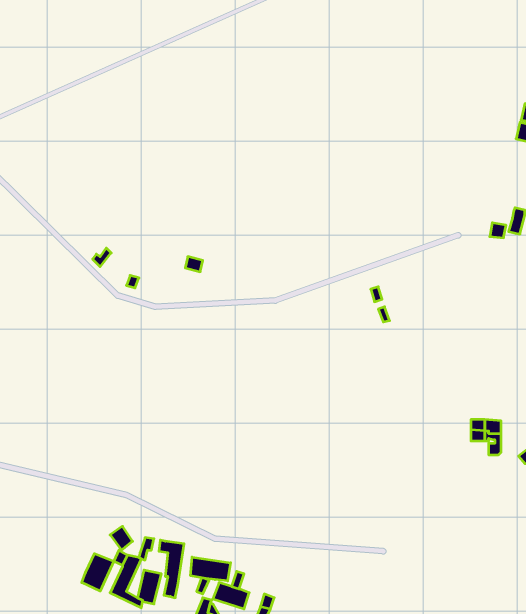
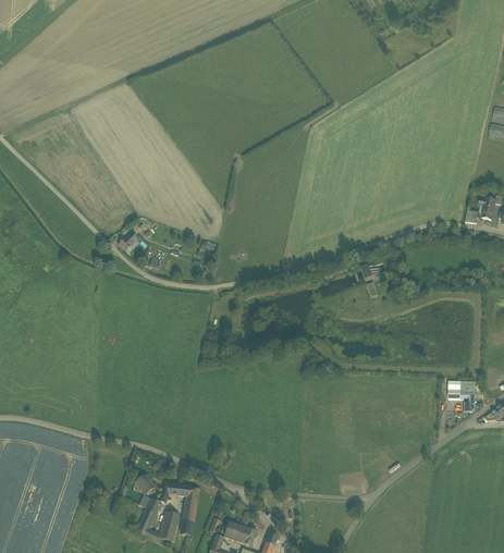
building: [82,554,114,591] -> none
building: [191,557,231,581] -> none

